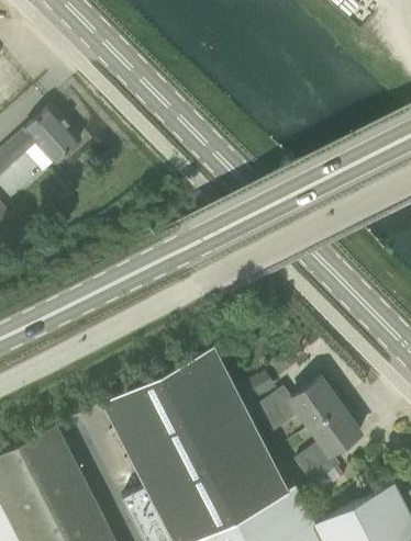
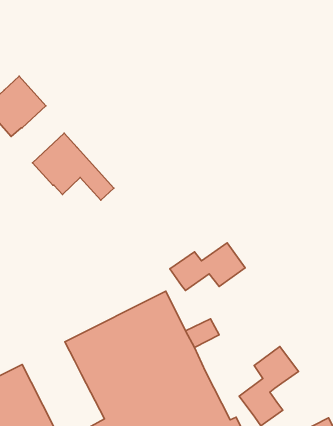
building: none -> [32,133,114,200]
building: [257,379,341,431] -> [170,243,245,291]

